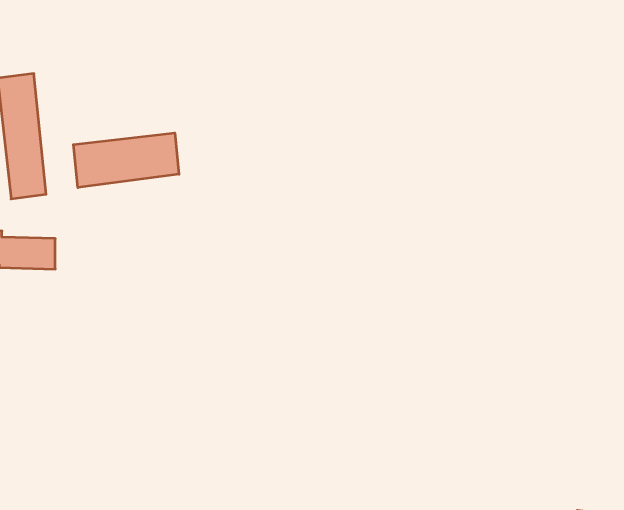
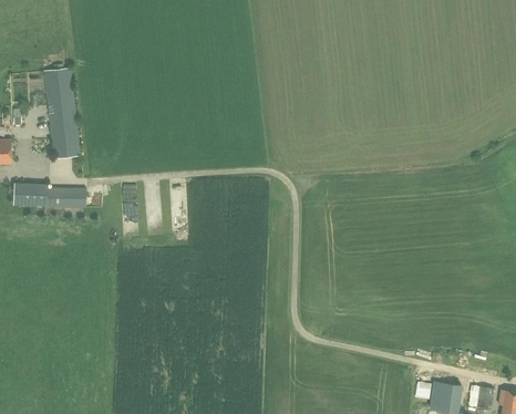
building: [73,133,179,188] -> none

